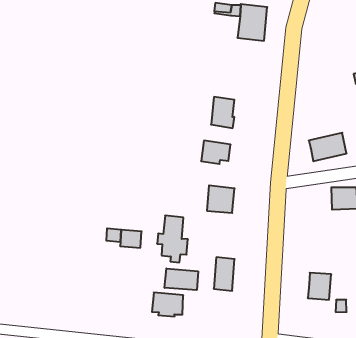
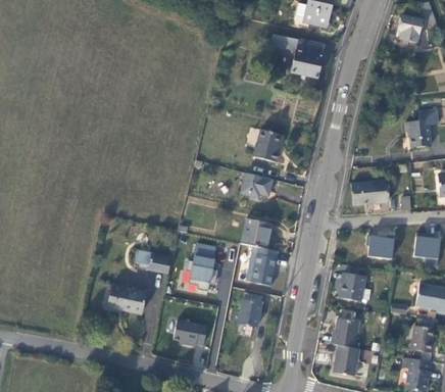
building: none -> [246,248,277,286]
building: none -> [339,273,364,301]
building: none -> [107,285,145,313]
building: [165,268,198,290] -> none
building: none -> [332,344,358,376]

